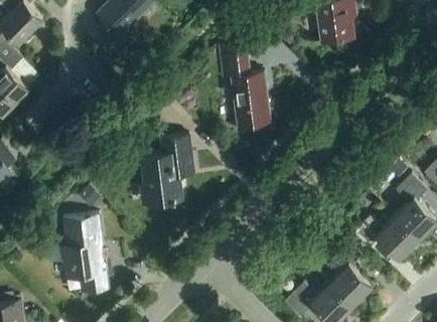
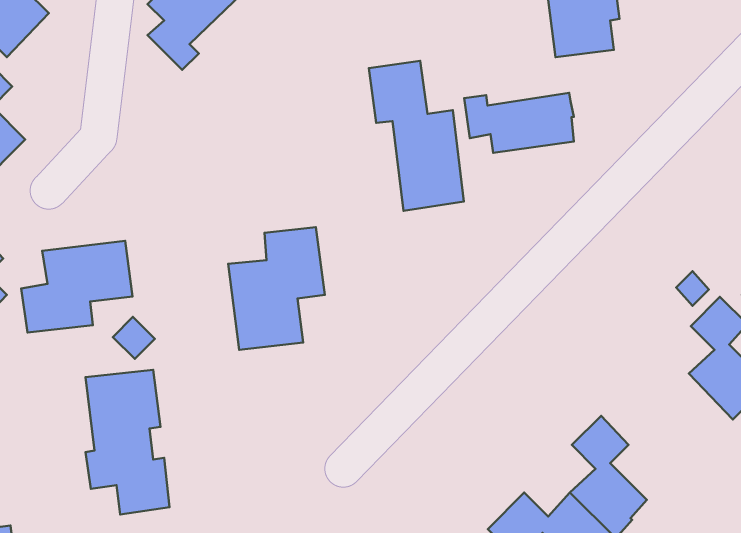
building: none -> [464,93,574,153]
building: none -> [21,241,133,333]
building: [353,217,419,260] -> none

